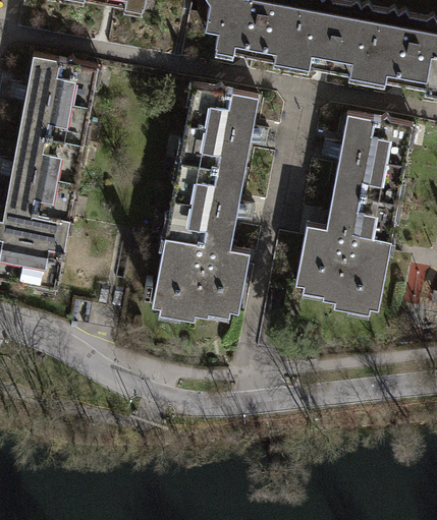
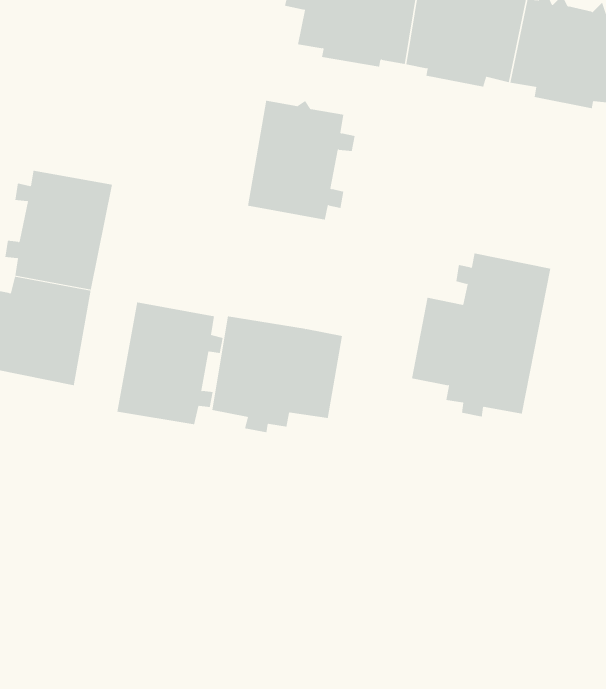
building: [19,58,97,146] -> none
building: [334,117,411,206] -> none
building: [164,161,240,248] -> [116,302,223,425]

